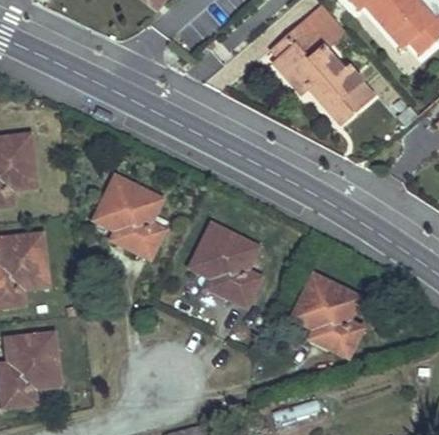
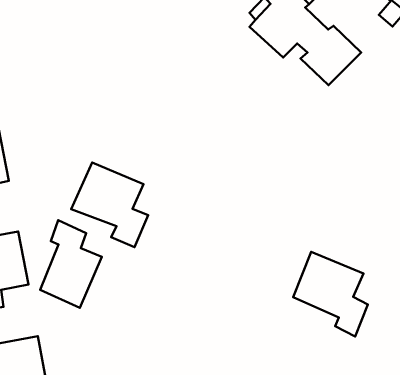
building: [190,224,260,305] -> none
building: none -> [40,220,102,308]

